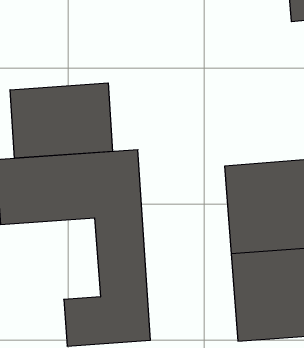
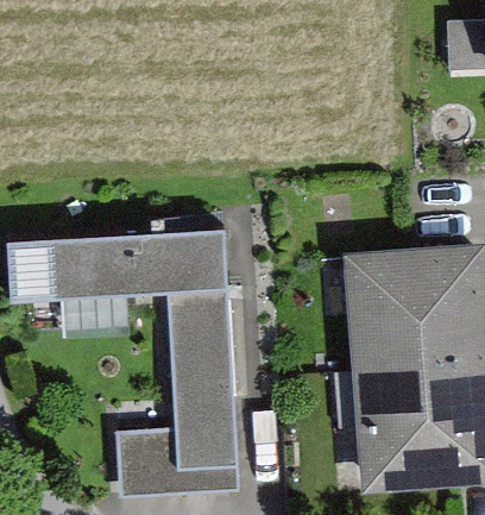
building: [10,83,113,158] -> none

